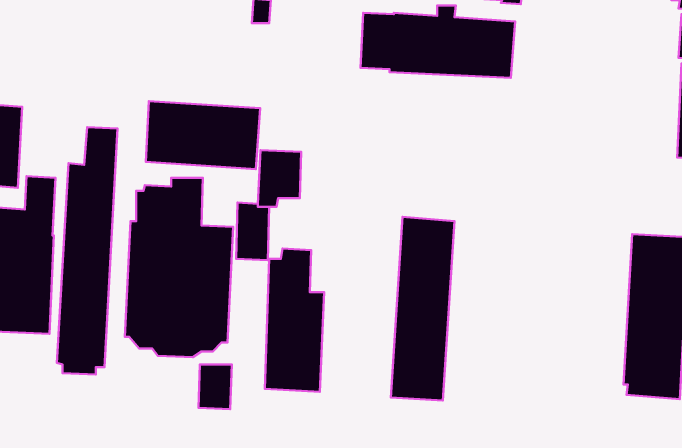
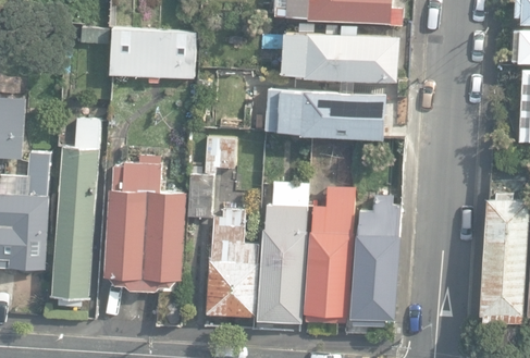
building: none -> [264,89,386,139]
building: [146,101,260,169] -> [110,28,196,79]
building: none -> [254,178,307,325]
building: none -> [352,196,402,328]

